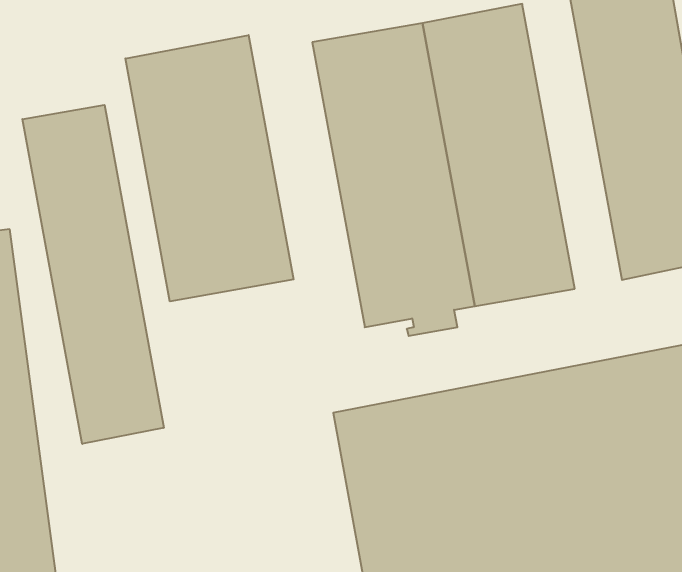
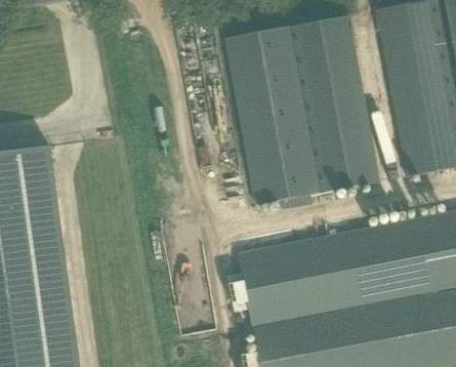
building: [125,35,294,301] -> none
building: [22,105,164,444] -> none

